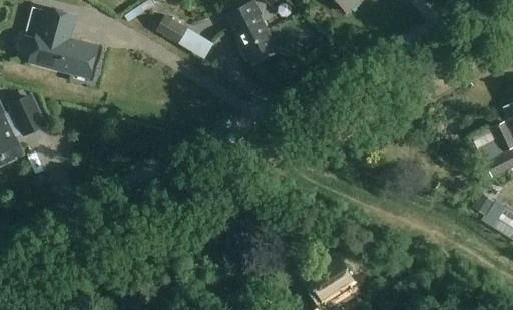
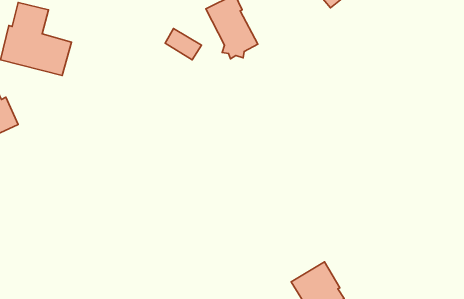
building: [156,15,190,44] -> none

